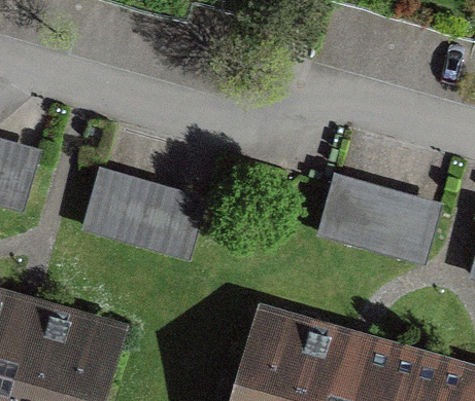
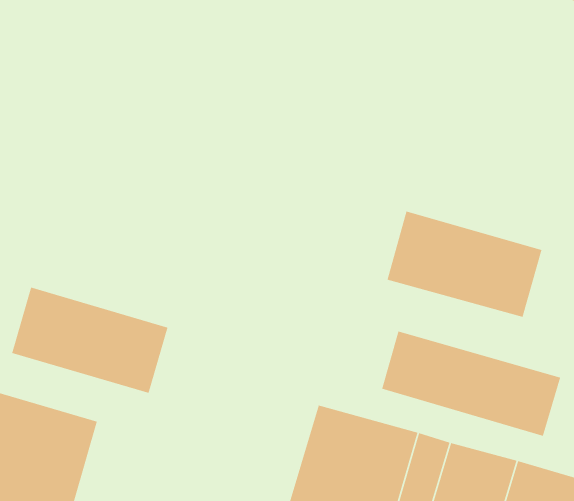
building: [87,171,203,250] -> [11,287,169,394]
building: none -> [381,330,561,437]

